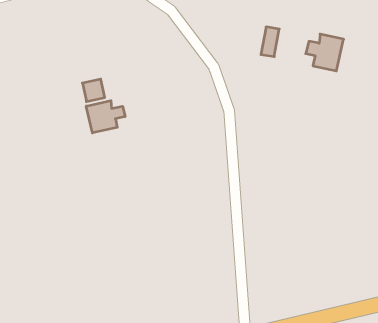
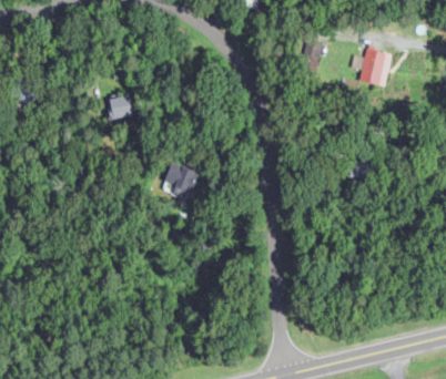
building: [86,101,125,133] -> none
building: none -> [164,163,196,201]

